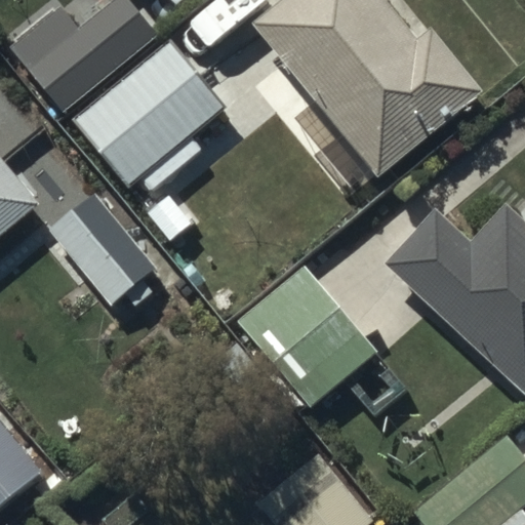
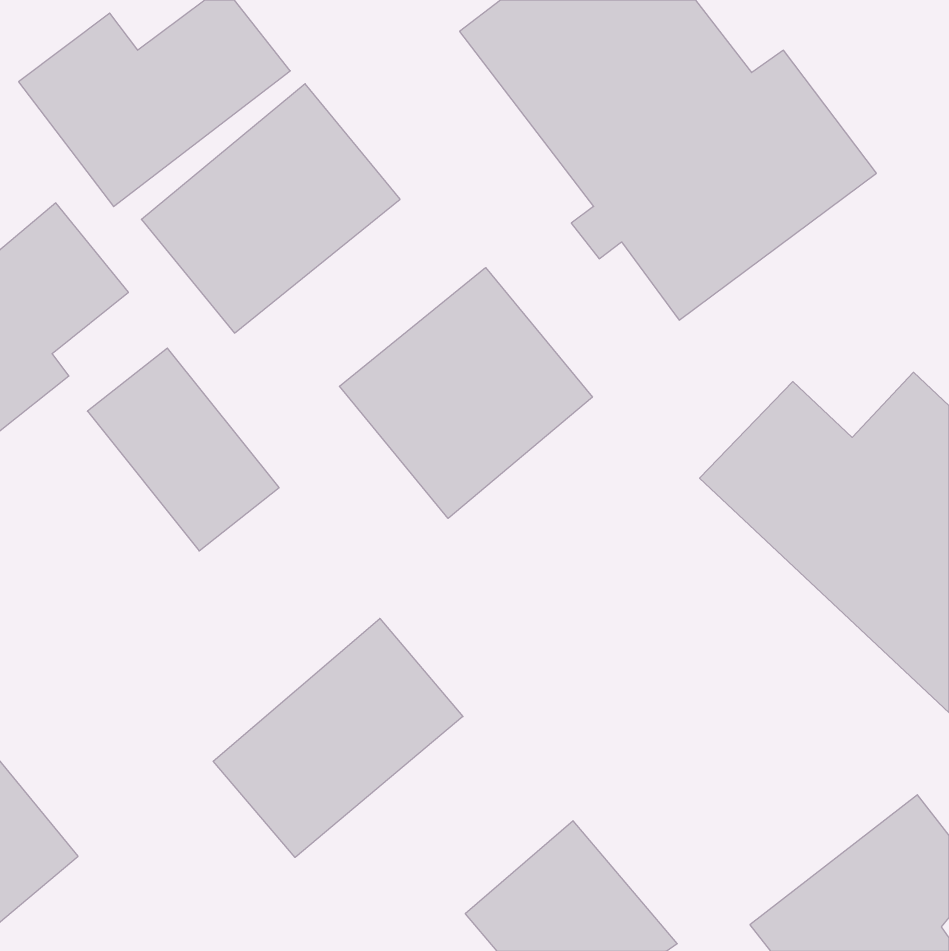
building: none -> [339,268,592,518]
building: [236,266,376,409] -> none
building: none -> [213,618,463,857]

